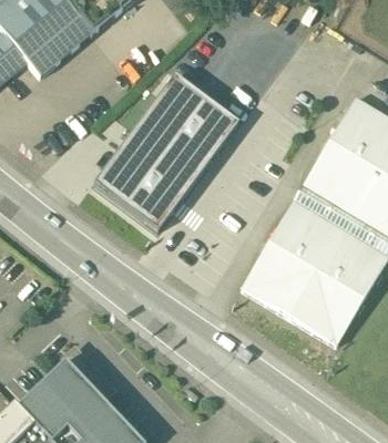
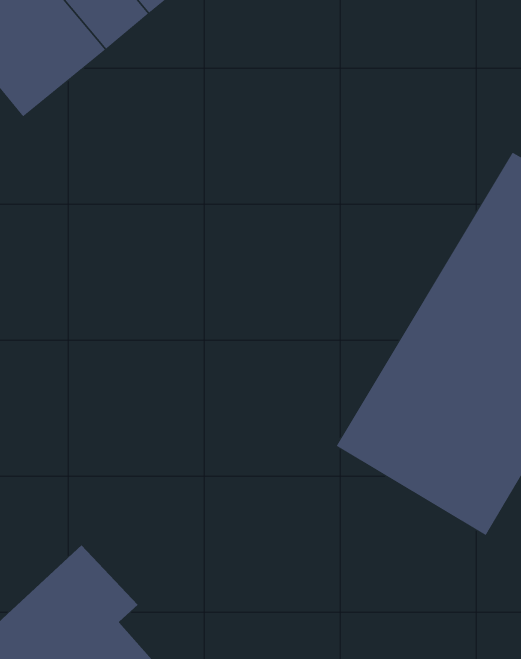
building: [95,76,238,231] -> none

